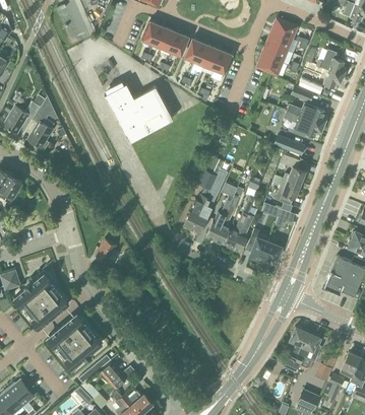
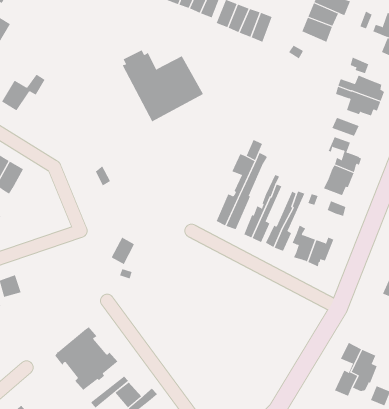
building: [26,95,57,151] -> none
building: [14,273,69,328] -> none

